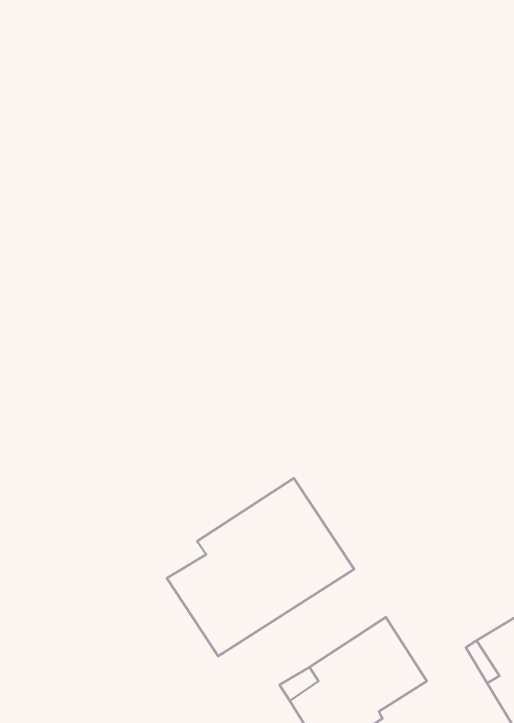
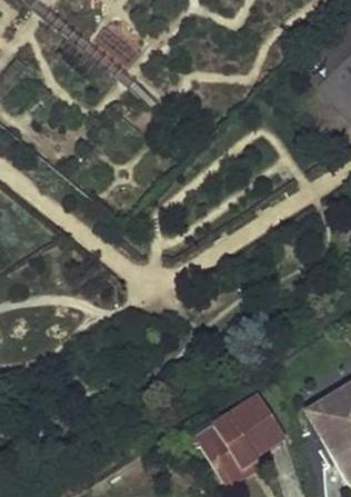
building: [167,478,354,656] -> none

